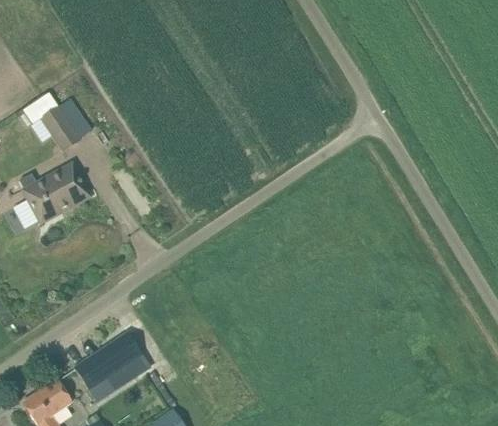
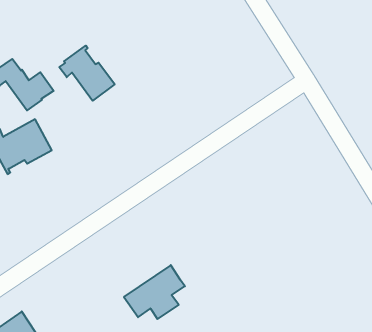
building: none -> [59,46,115,101]
building: [74,332,143,393] -> [124,265,185,319]

